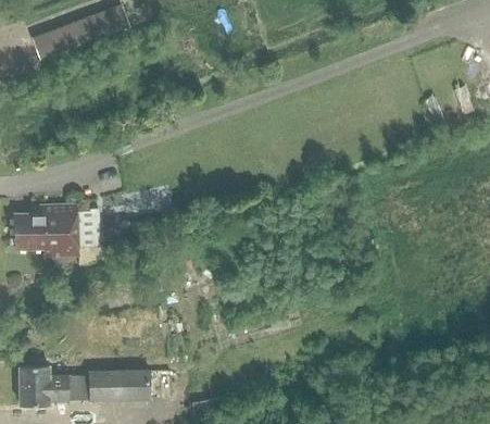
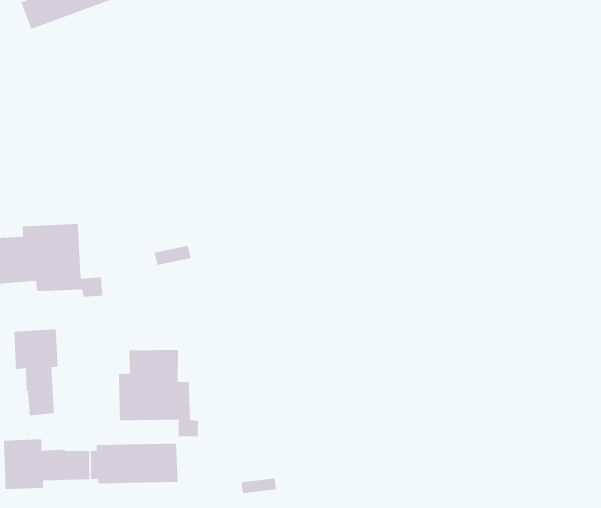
building: none -> [14,328,58,416]
building: none -> [119,349,198,437]

